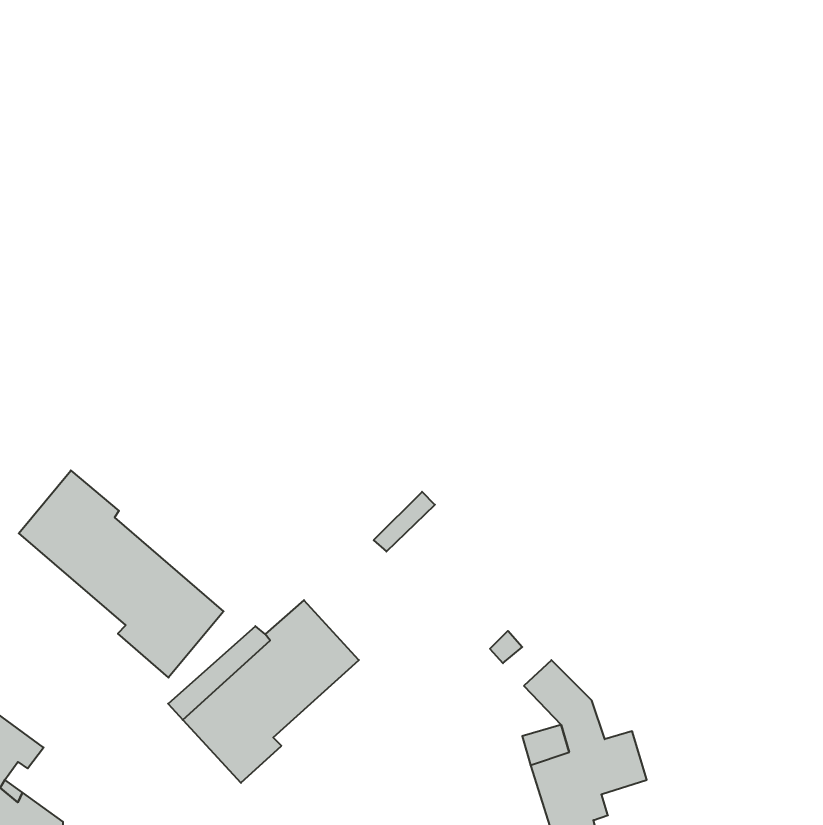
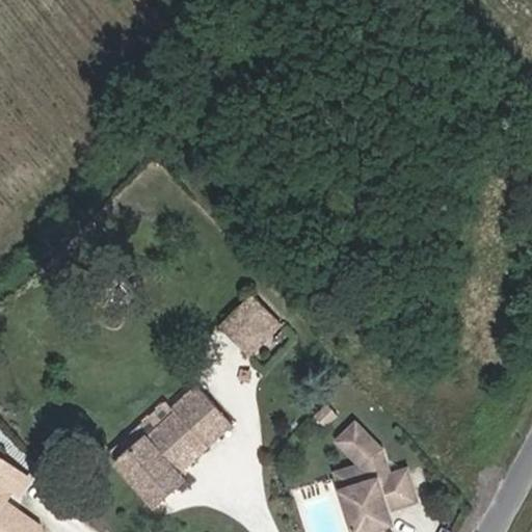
building: none -> [220,297,271,348]
building: [19,470,224,678] -> none

